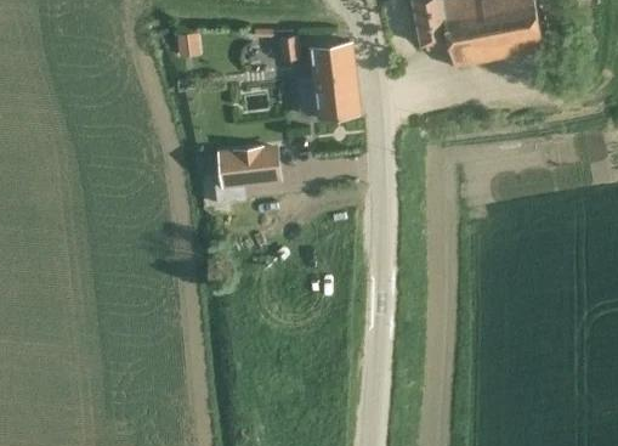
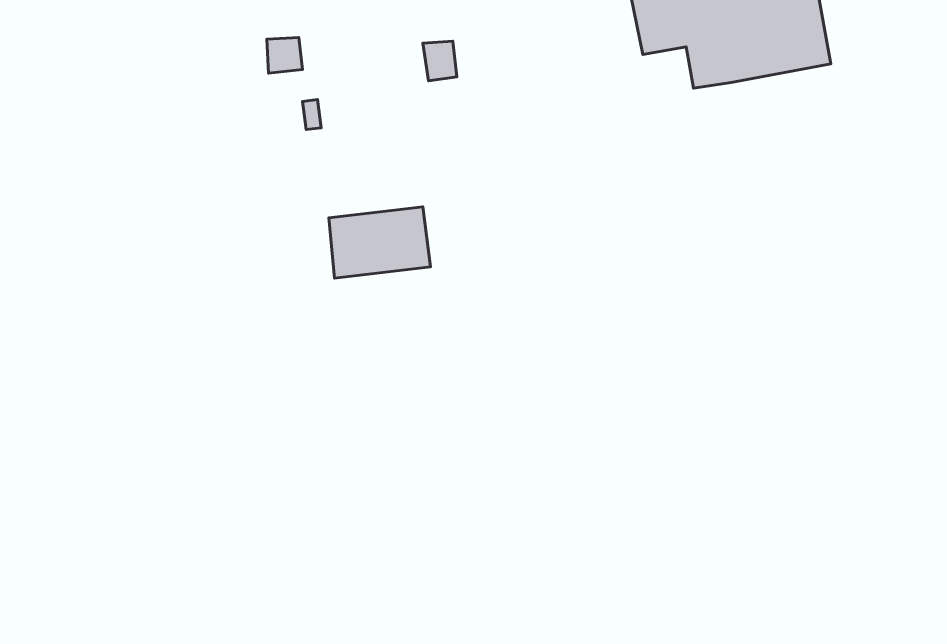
building: [311,41,358,119] -> none

